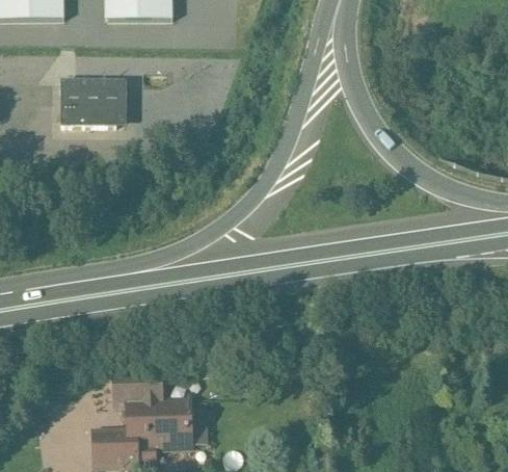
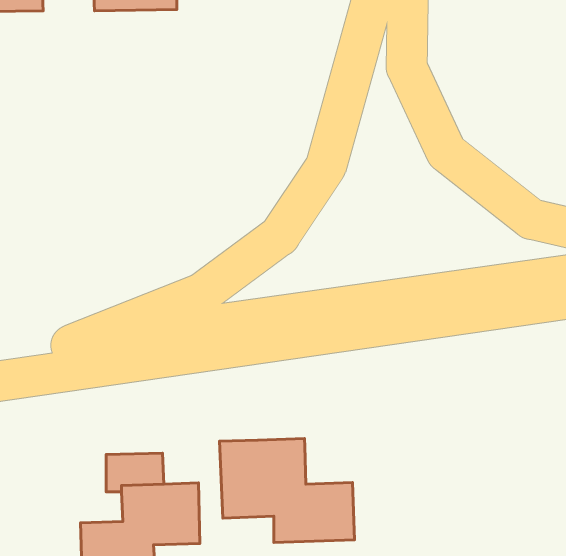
building: [61,80,126,125] -> none
building: none -> [220,438,355,542]

